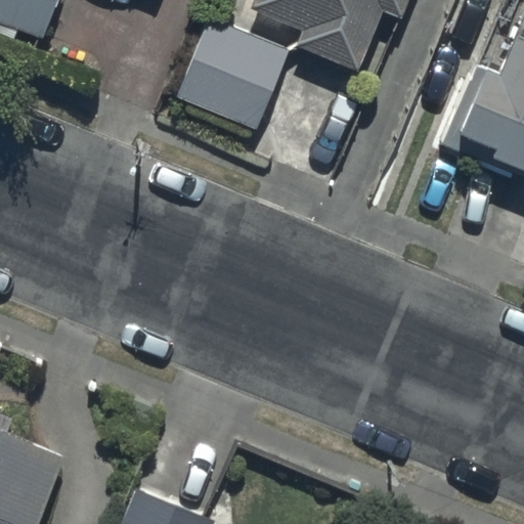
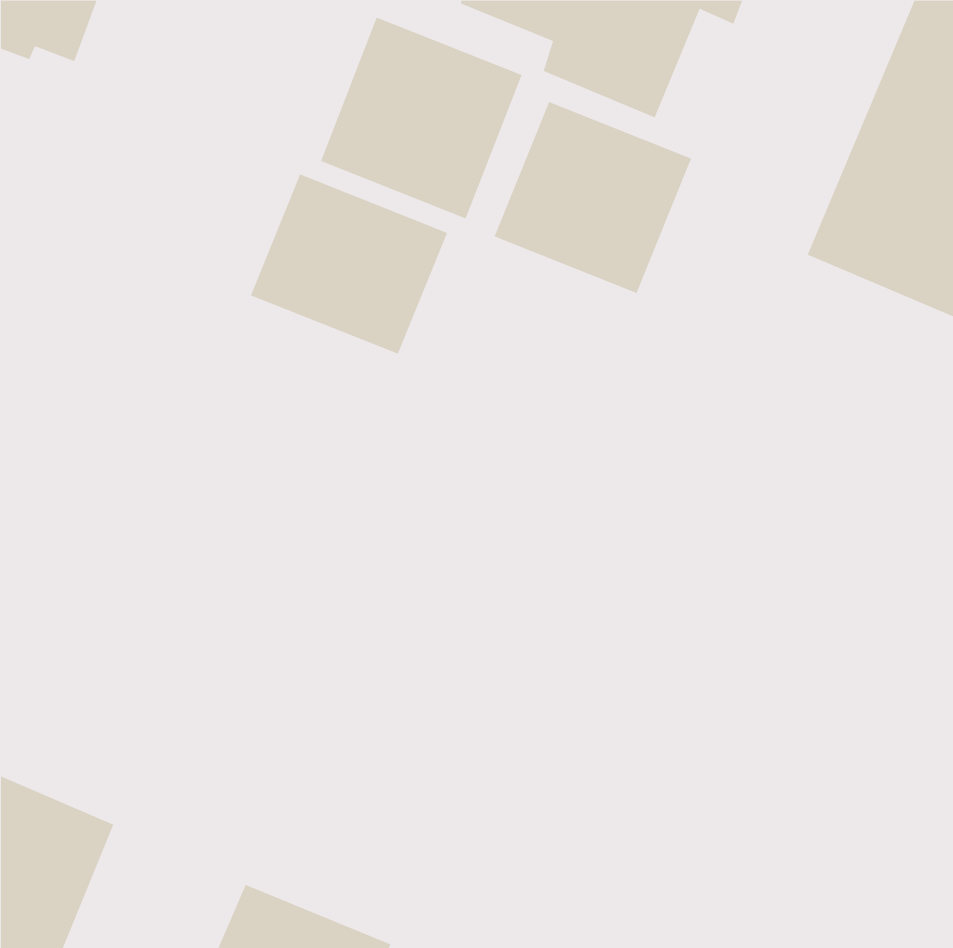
building: none -> [494,101,692,294]
building: none -> [250,174,448,355]

